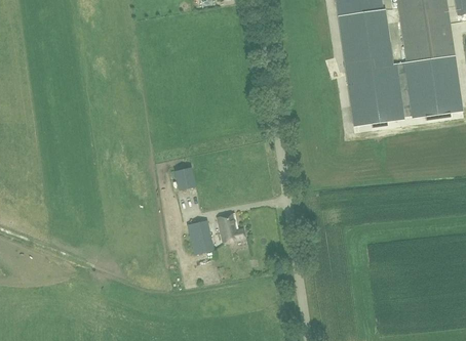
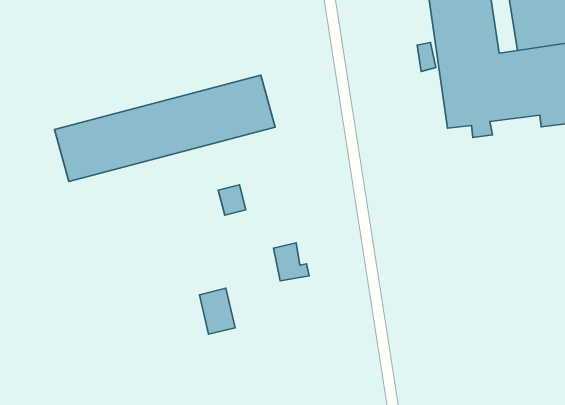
building: none -> [54,75,275,181]
building: [187,219,215,255] -> [199,288,235,334]

